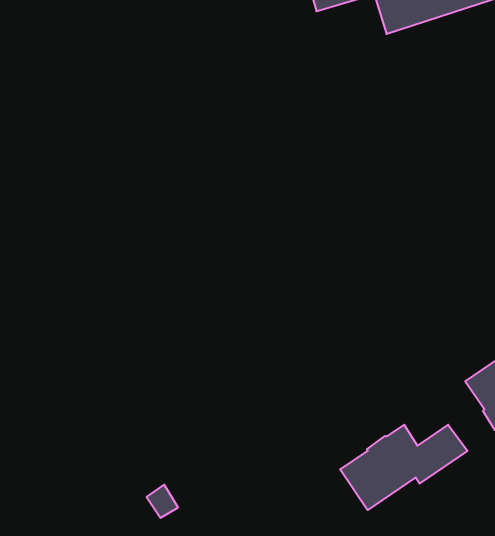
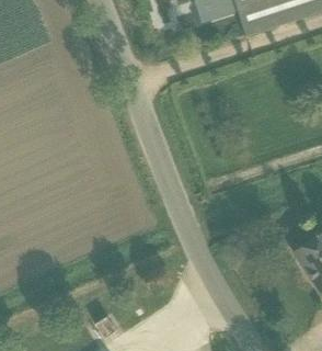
building: [340,425,467,510] -> none

